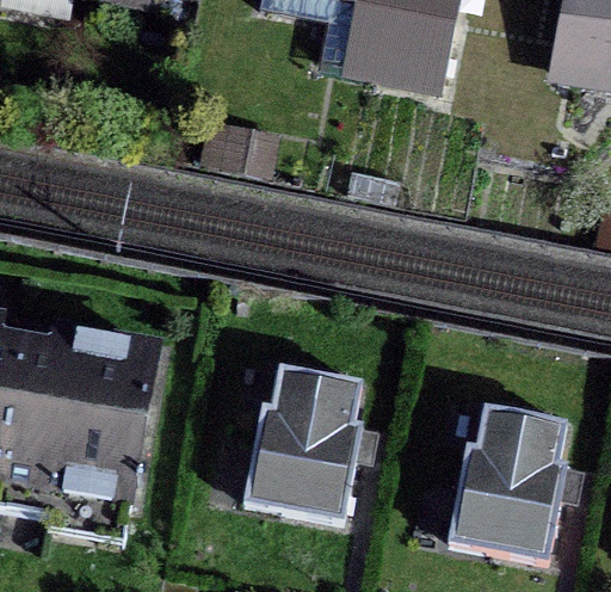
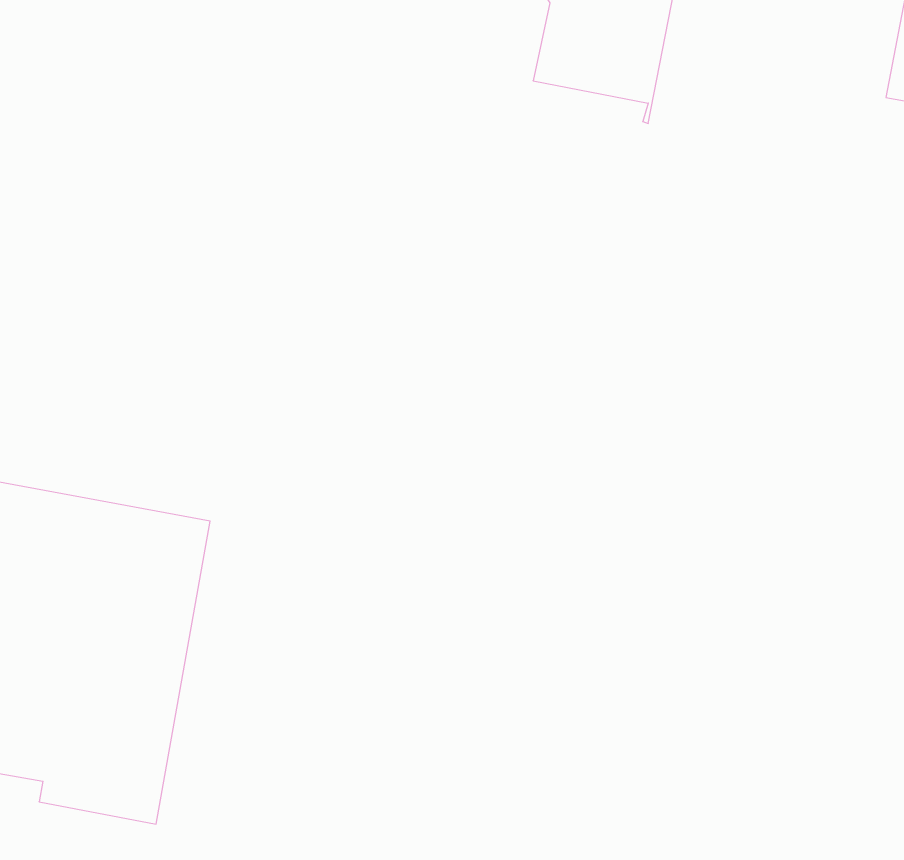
building: [249,383,345,516] -> none
building: [456,418,551,550] -> none

